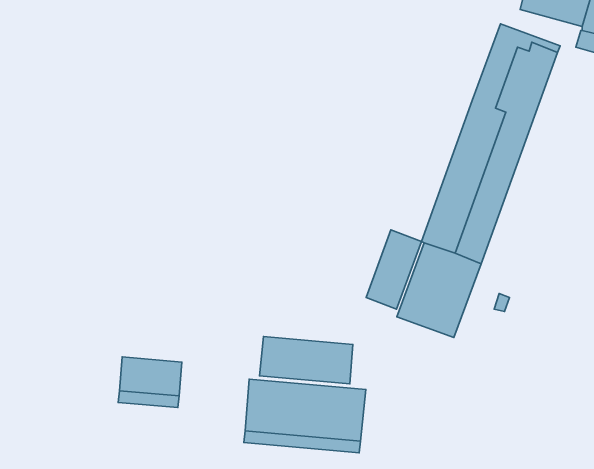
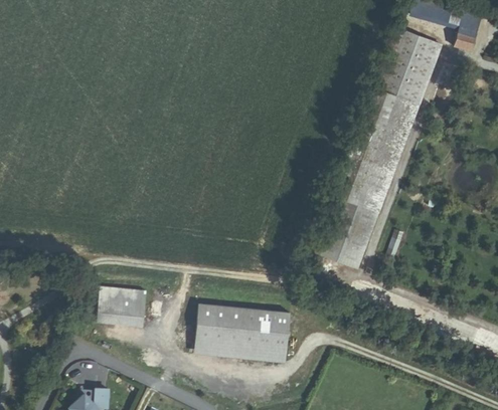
building: [366,230,421,309] -> none
building: [259,337,353,384] -> none

